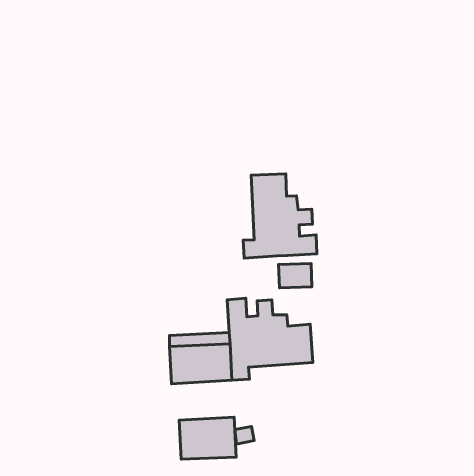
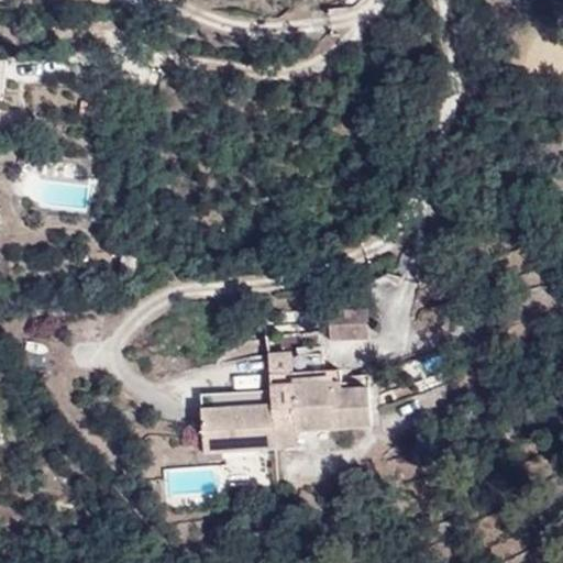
building: [243,174,317,258] -> none
building: [179,417,236,459] -> none

